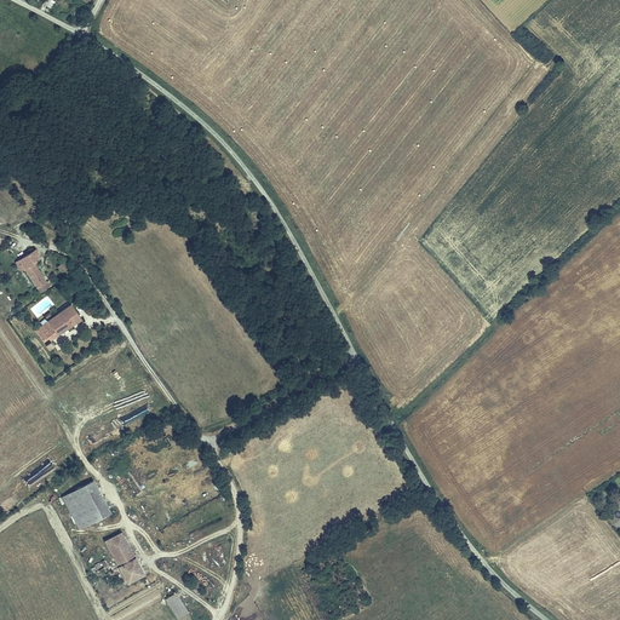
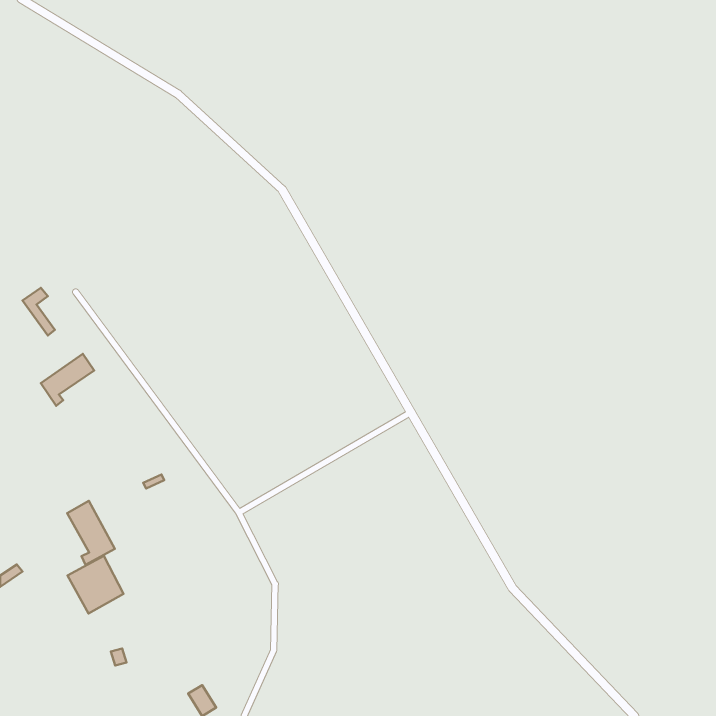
building: none -> [67,501,115,565]
building: [104,530,142,581] -> none

